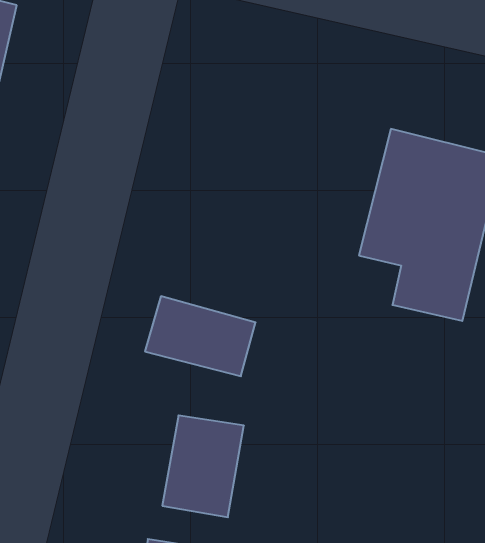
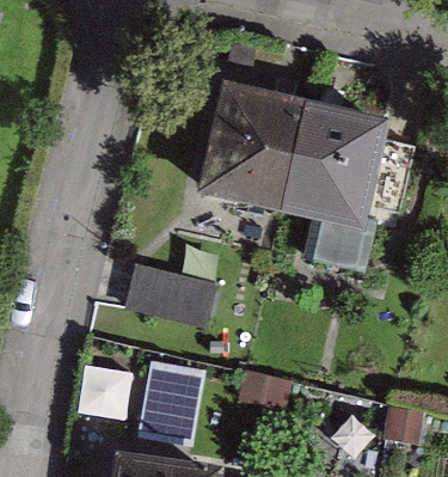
building: none -> [188,92,323,222]

